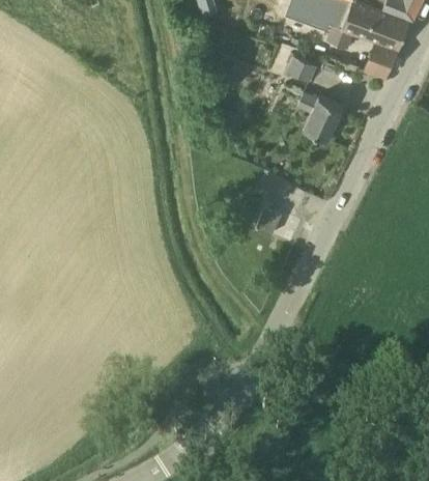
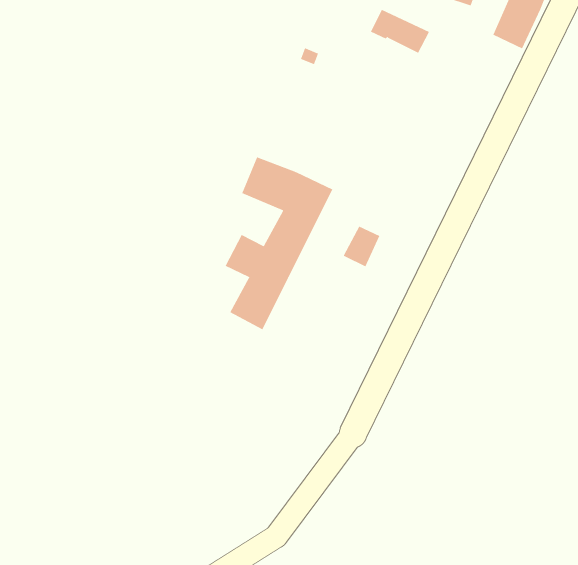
building: [297,95,343,140] -> none
building: none -> [225,157,333,330]

